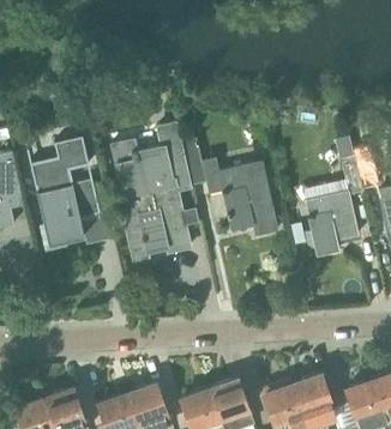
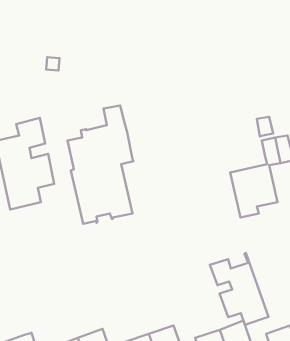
building: [182,144,276,230] -> none
building: none -> [210,253,268,325]

